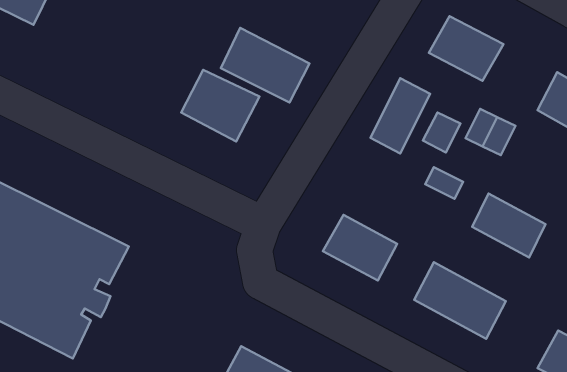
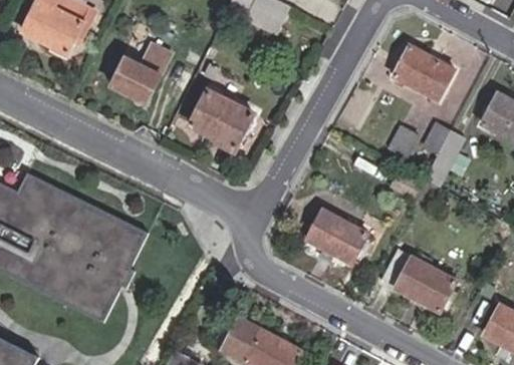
building: none -> [110,42,172,101]
building: [221,28,310,103] -> none
building: [370,78,430,154] -> none
building: [472,193,546,258] -> none

